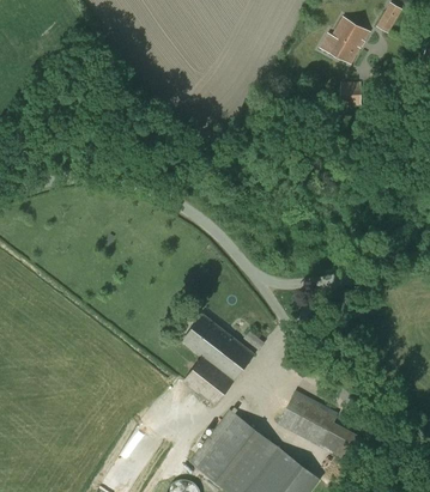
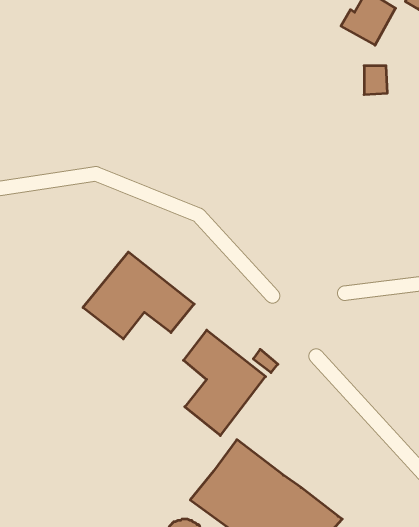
building: none -> [83,252,194,339]
building: [277,390,362,463] -> none

